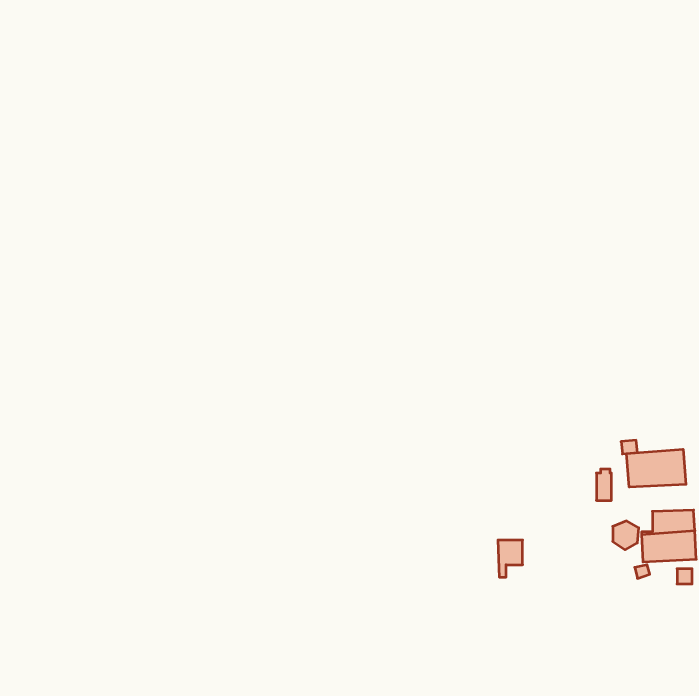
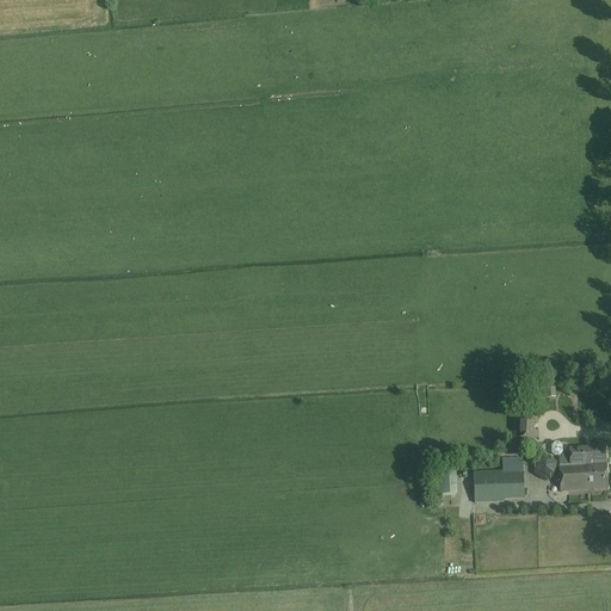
building: [627,449,686,487] -> none
building: none -> [473,457,524,502]

